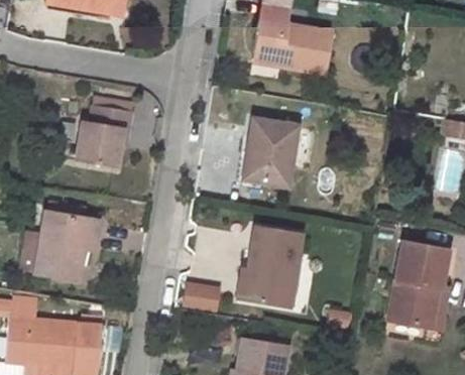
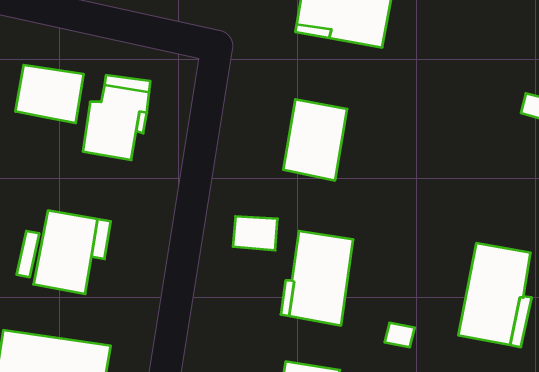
building: none -> [16,65,83,123]
building: [185,280,222,308] -> [233,216,278,250]

